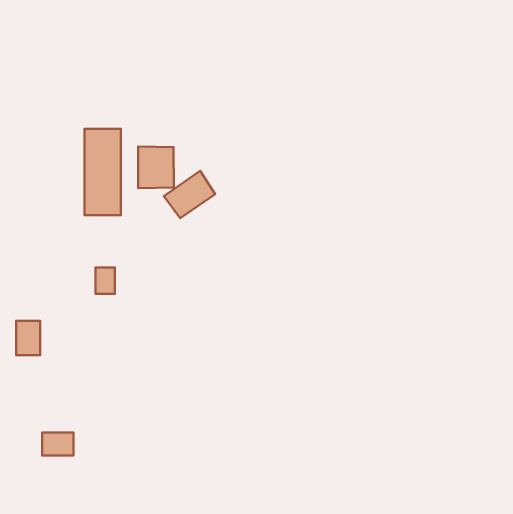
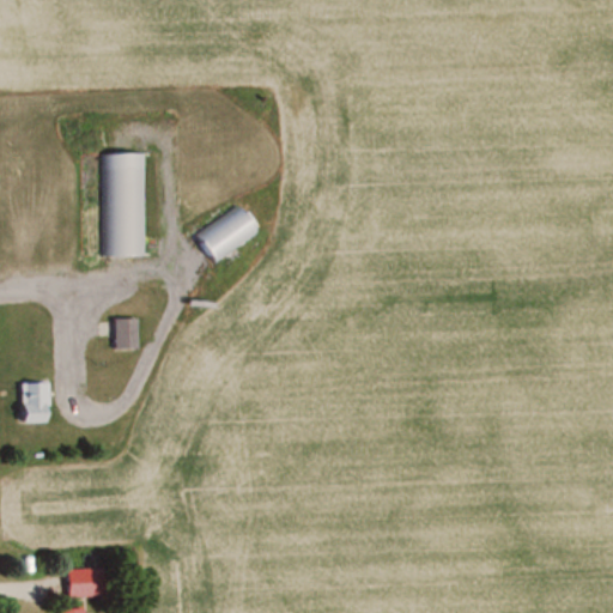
building: [138,147,174,188] -> none
building: [42,432,73,456] -> [67,568,104,595]

